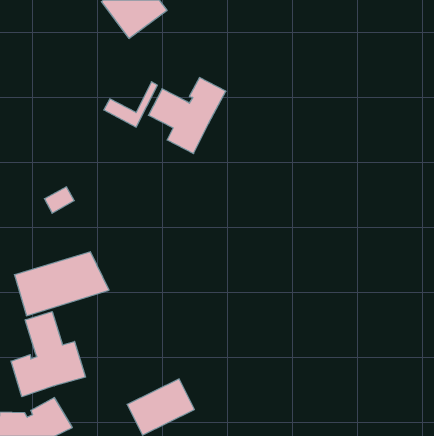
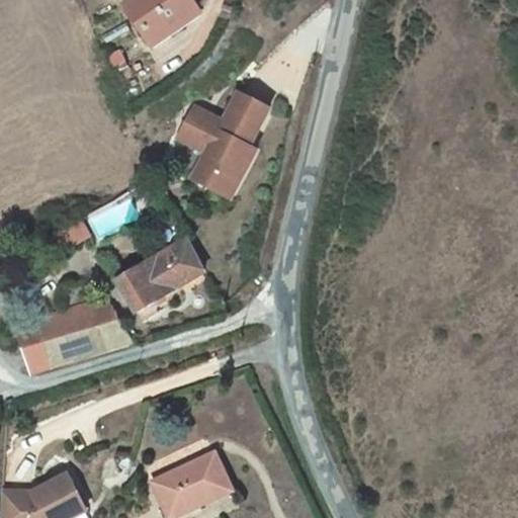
building: [104,82,157,127] -> [191,146,255,199]
building: none -> [114,242,202,308]
building: [11,312,85,397] -> none

